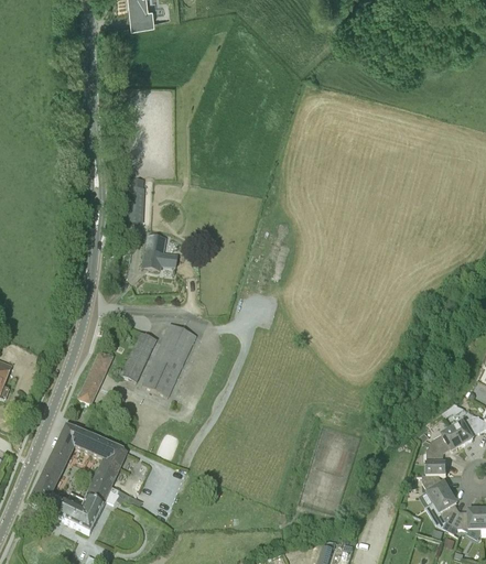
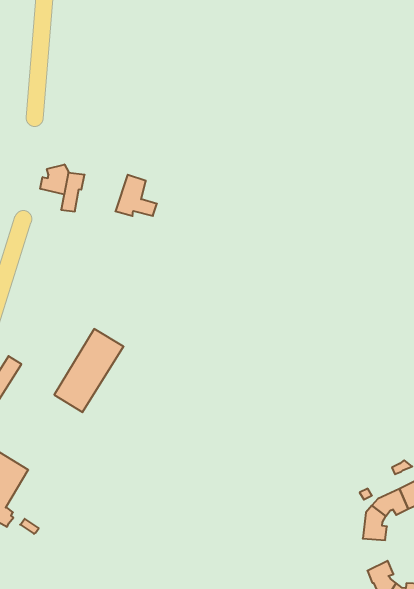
building: none -> [40,164,68,195]
building: [141,234,176,269] -> [115,175,157,216]
building: [119,330,155,381] -> none
building: [421,474,450,502] -> none

